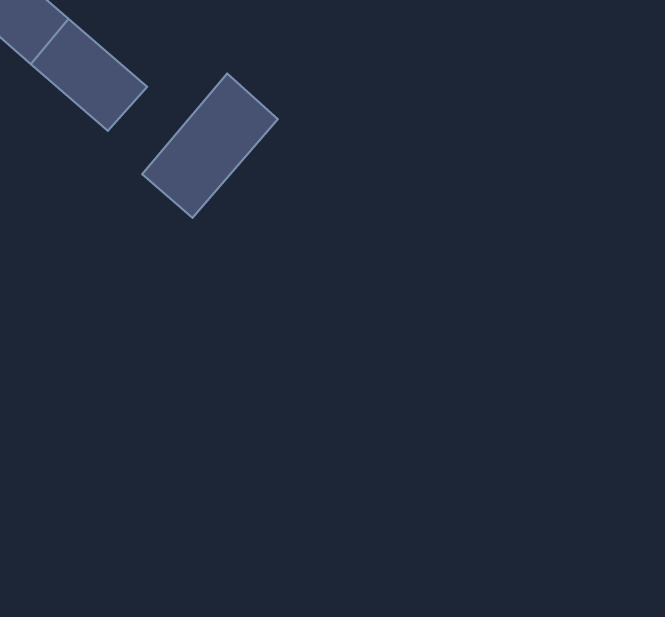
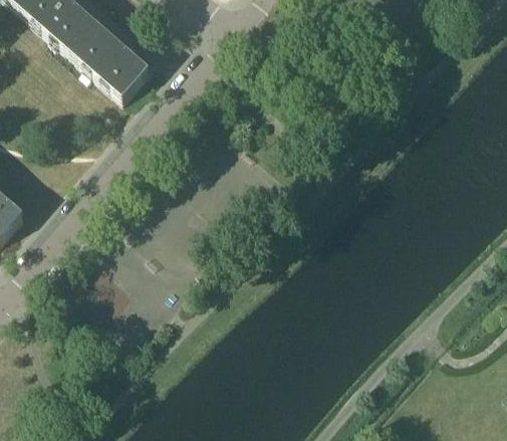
building: [142,74,278,218] -> none

